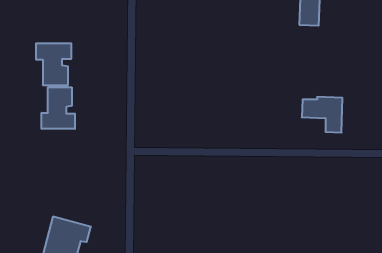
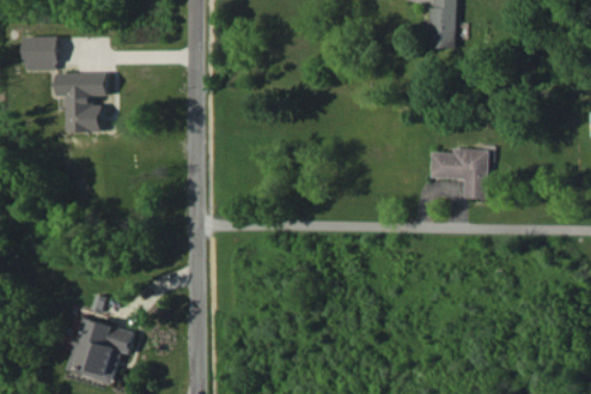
building: none -> [23,36,57,69]
building: [42,87,75,129] -> none

